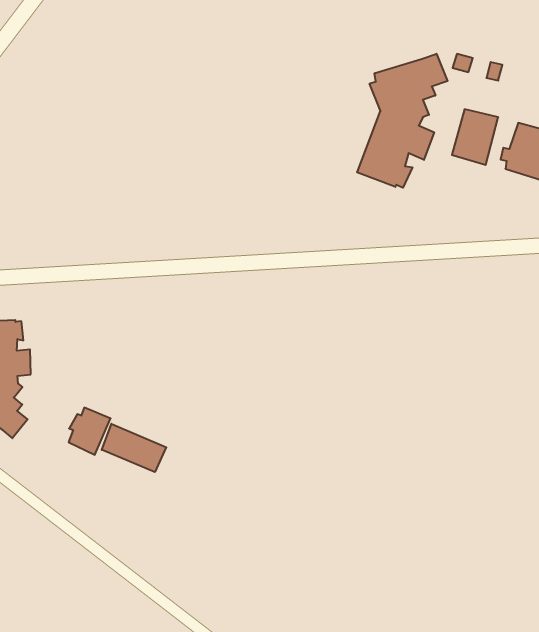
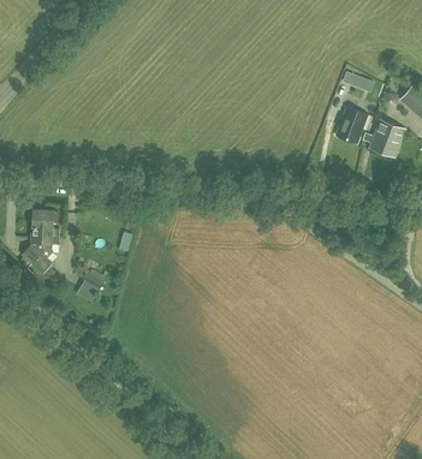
building: [357,54,448,188] -> none
building: [102,424,166,472] -> none

